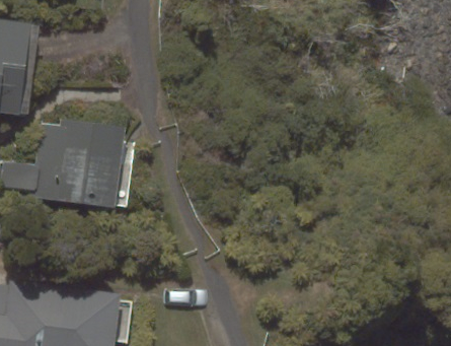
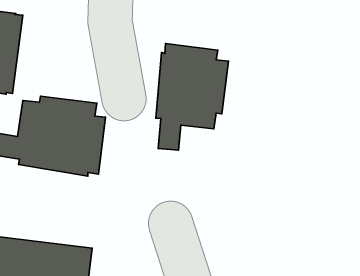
building: none -> [156,43,228,150]

